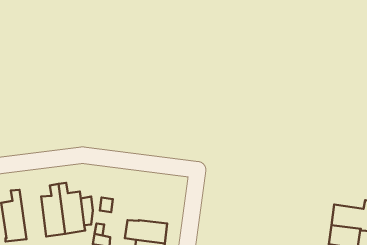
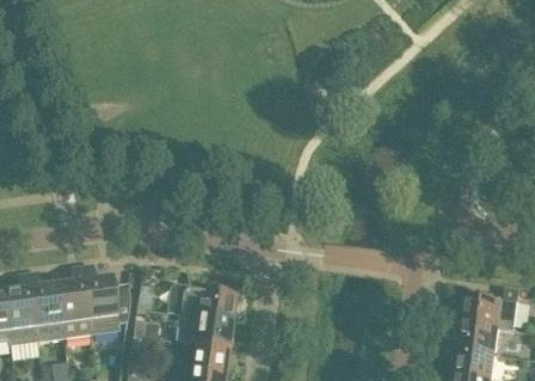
building: none -> [27,269,64,339]
building: none -> [166,282,235,318]

